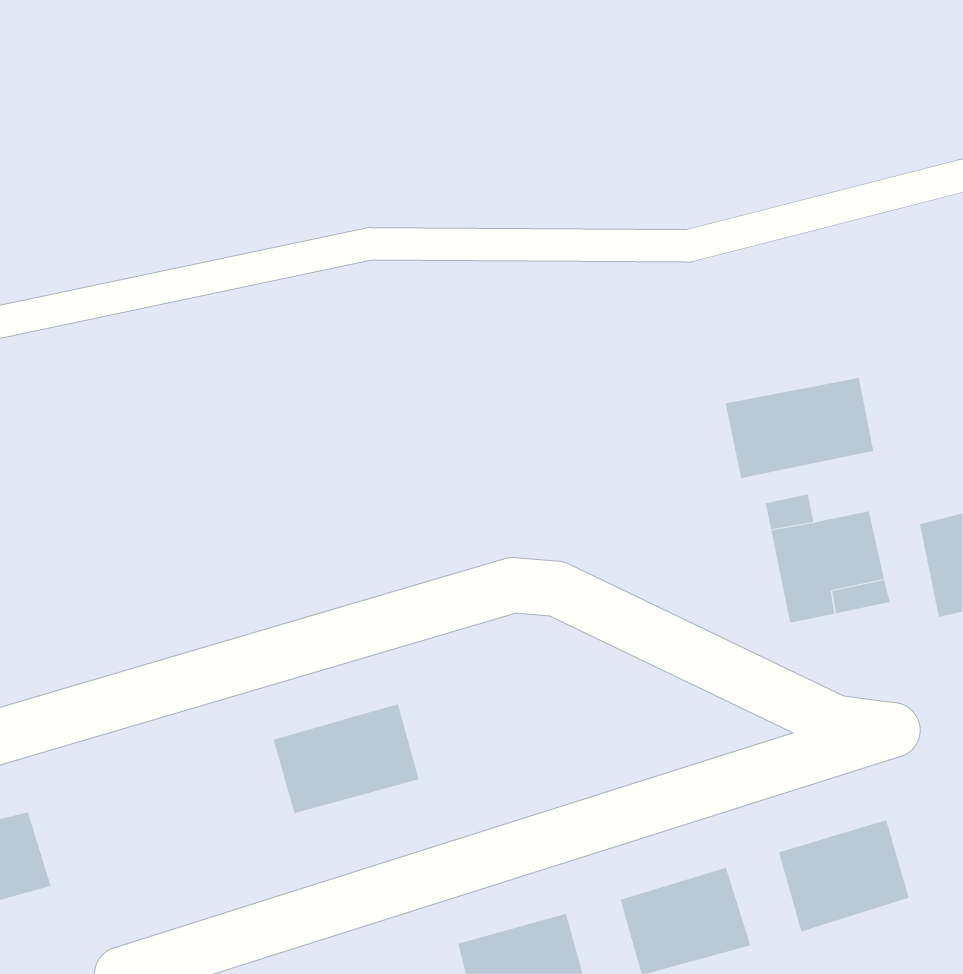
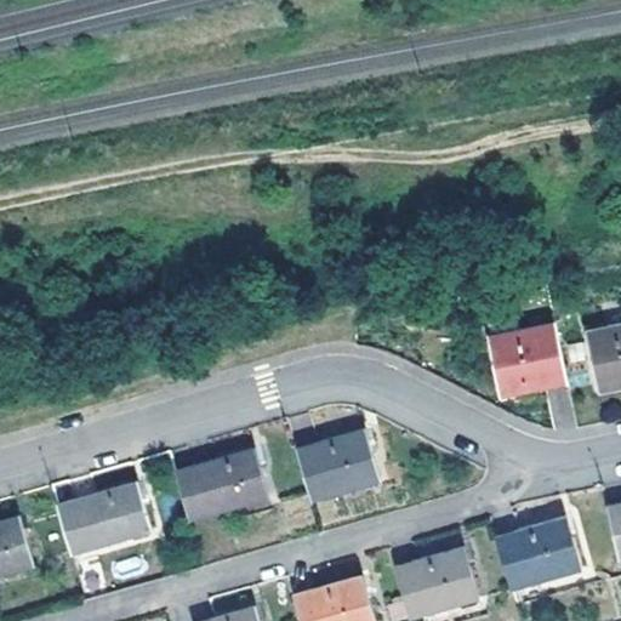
building: [725,377,874,479] -> none
building: none -> [295,429,380,501]
building: none -> [57,483,149,553]

